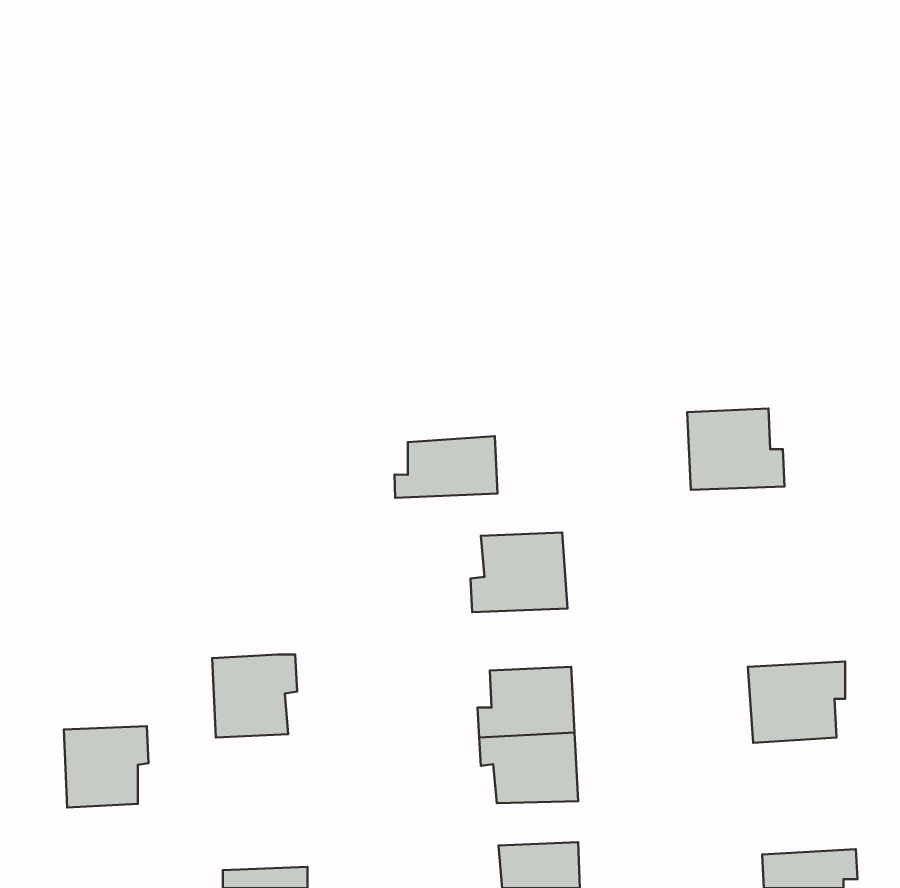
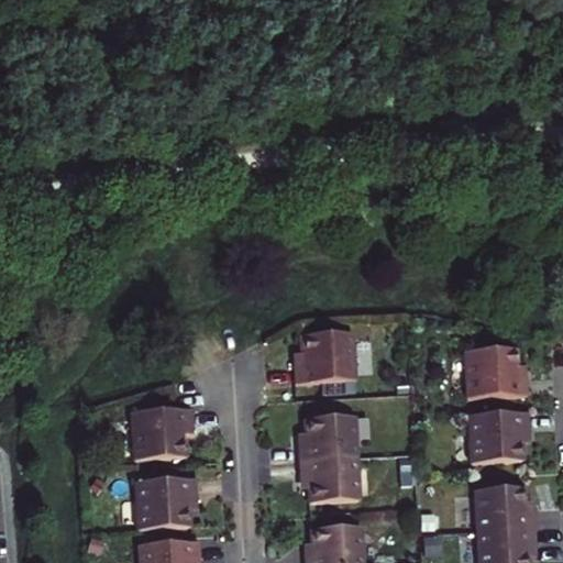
building: [687,409,784,490] -> [464,346,525,397]
building: [394,436,498,498] -> none
building: [64,726,149,807] -> [139,478,191,529]
building: none -> [474,486,534,531]

